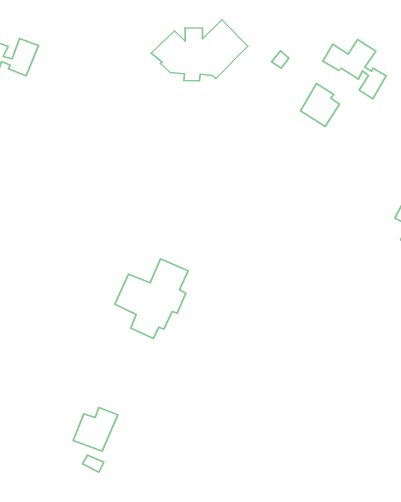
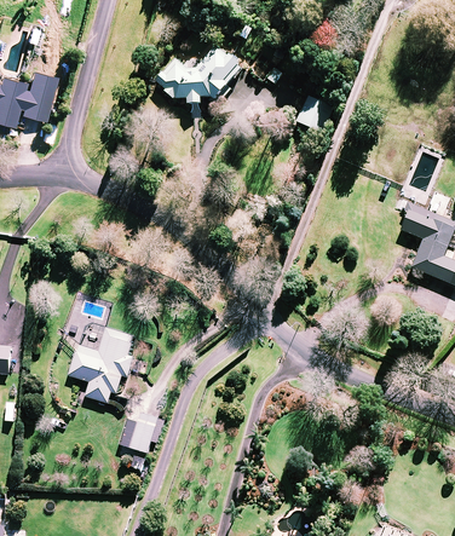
building: [323,39,386,99] -> none
building: [115,259,188,339] -> [70,328,134,402]

